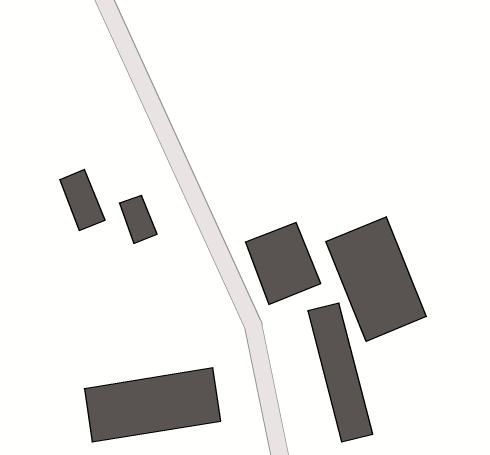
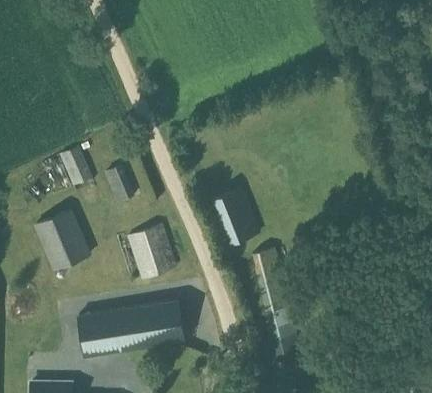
building: [326,217,426,341] -> none
building: none -> [33,208,93,272]
building: none -> [127,224,177,281]

